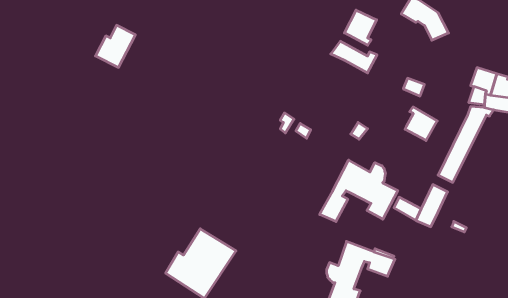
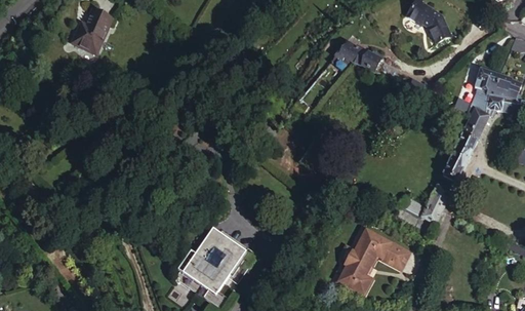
building: [344,10,377,45] -> none
building: [95,25,135,67] -> [73,12,112,53]
building: [405,107,437,141] -> none
building: [320,160,398,222] -> none

